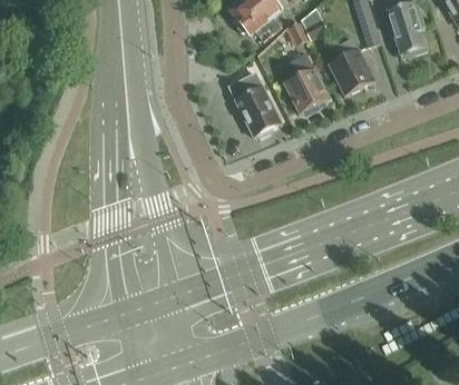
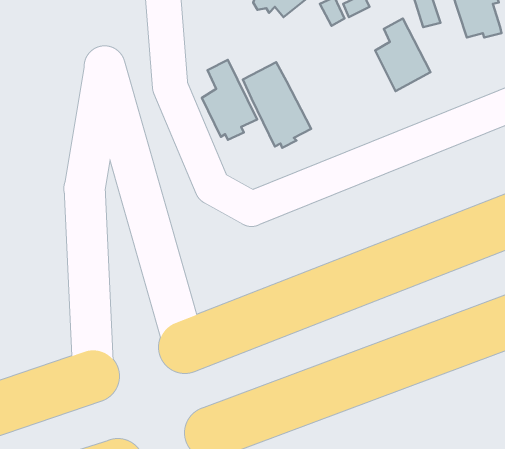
building: [285,53,328,115] -> [202,60,257,140]

